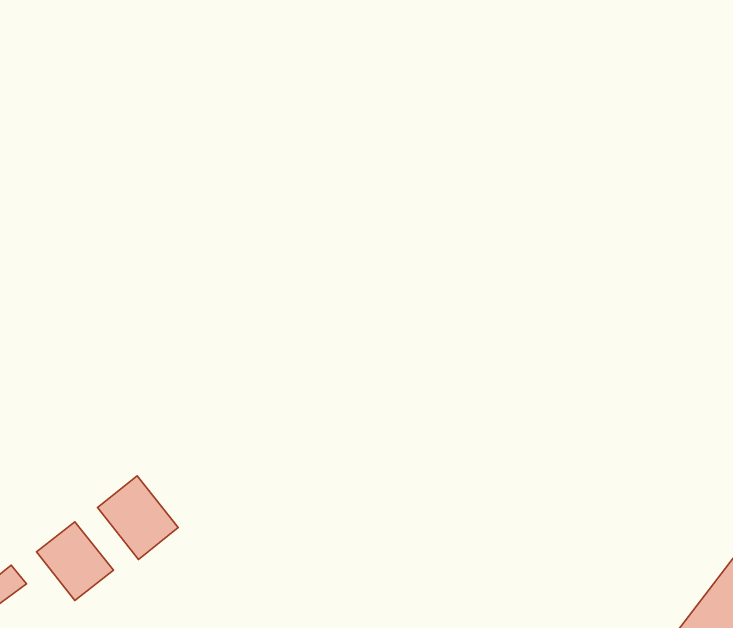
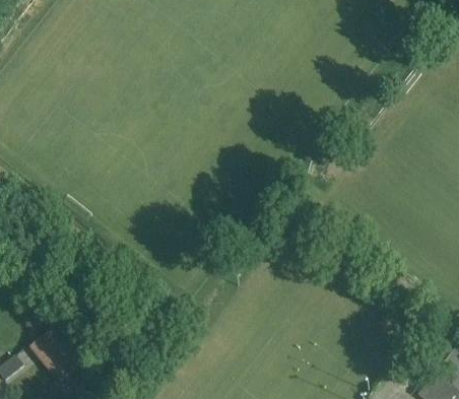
building: [97,476,178,559] -> none

